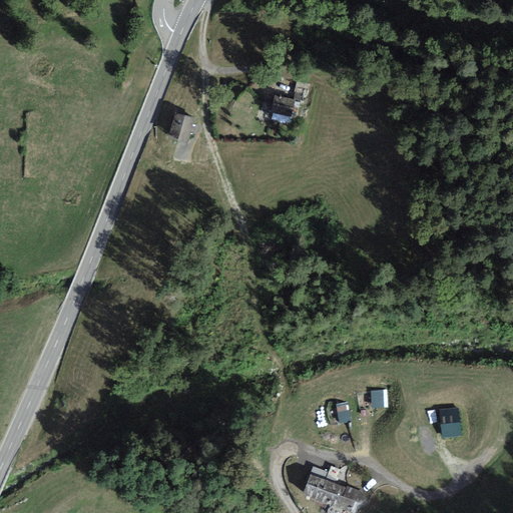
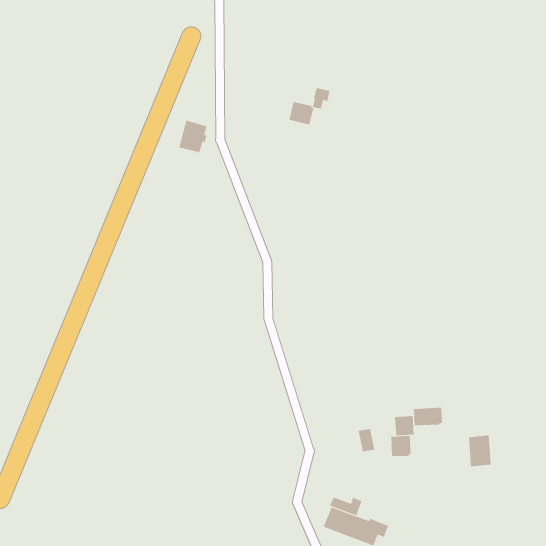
building: none -> [413,407,442,426]
building: none -> [391,435,411,457]

